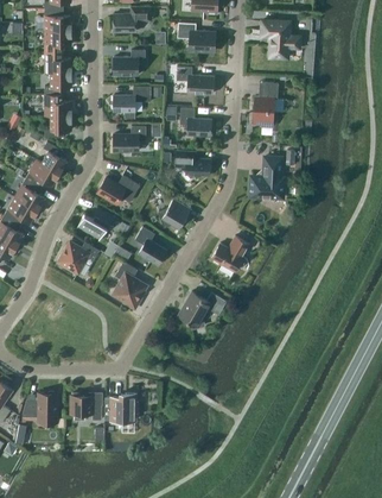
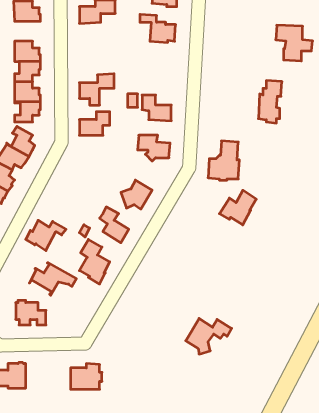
building: [261,20,300,58] -> [276,25,313,61]
building: [45,30,72,51] -> none
building: [114,50,146,75] -> none
building: [177,67,214,94] -> none
building: [254,82,279,127] -> [258,81,282,123]
building: [97,175,140,204] -> none
building: [77,207,127,241] -> [29,263,76,295]
building: [210,235,249,272] -> [219,190,256,225]
building: [178,291,227,329] -> [186,318,232,354]
building: [70,393,102,420] -> [16,300,46,325]

